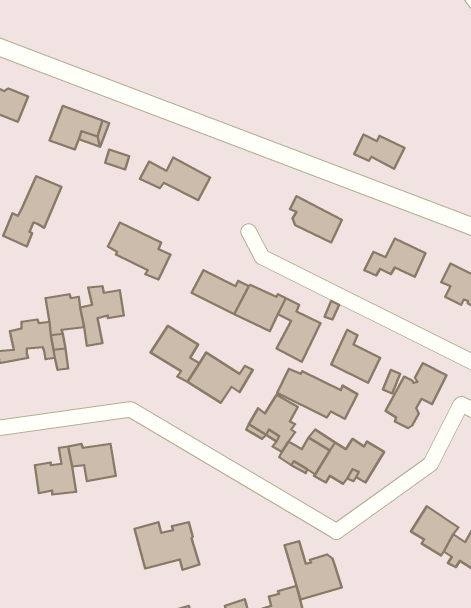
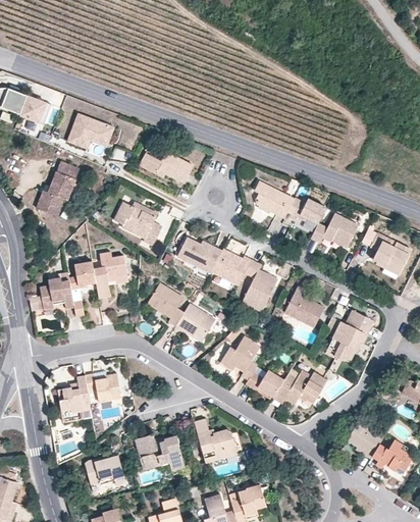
building: [354,134,405,169] -> [287,199,326,225]
building: [277,369,357,419] -> none
building: [285,541,342,600] -> [194,418,238,463]
building: none -> [84,454,122,484]

